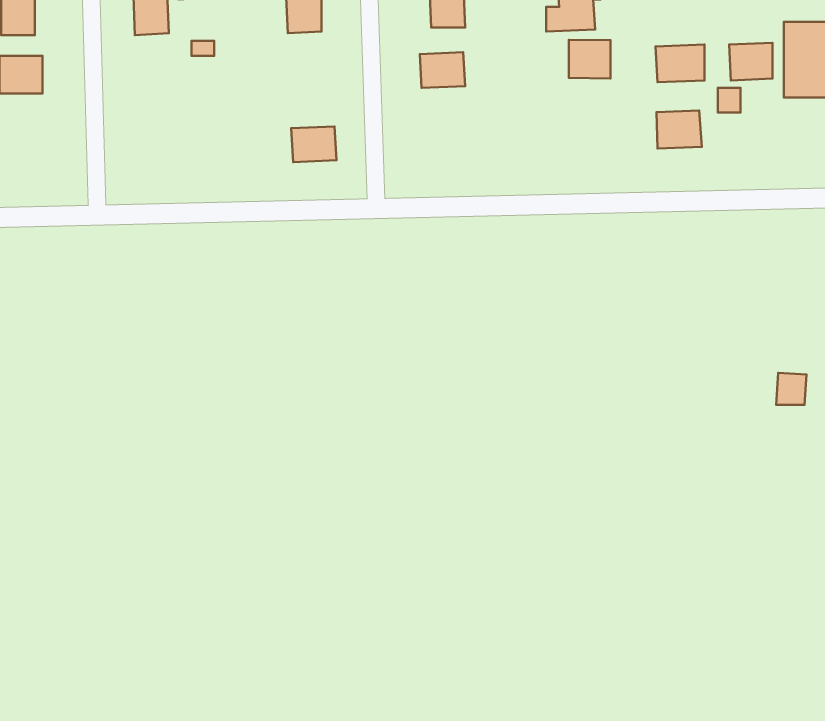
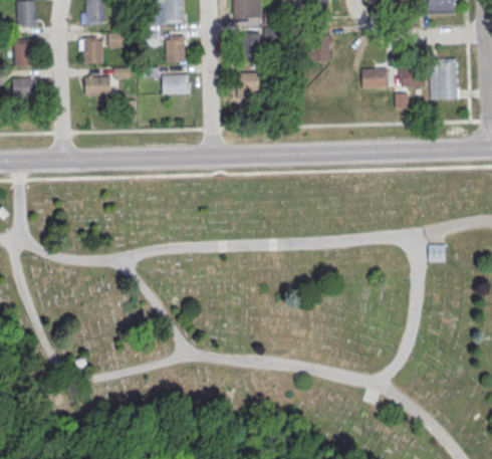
building: [569,40,611,78] -> none
building: none -> [84,74,110,94]
building: [656,110,702,148] -> none
building: [291,126,337,162] -> [163,75,187,94]

